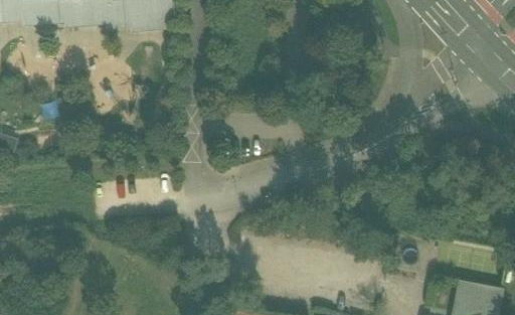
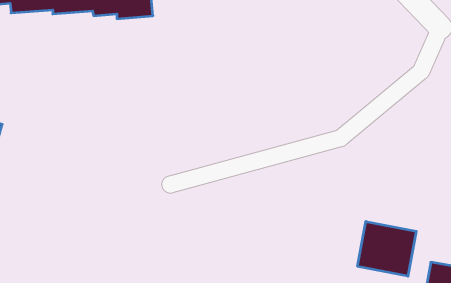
building: none -> [358,221,416,276]

